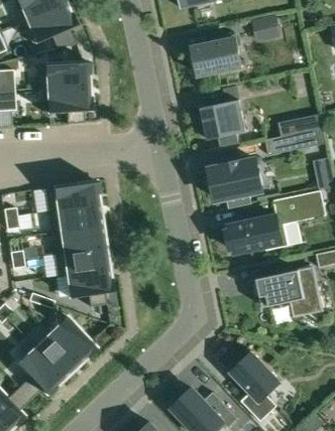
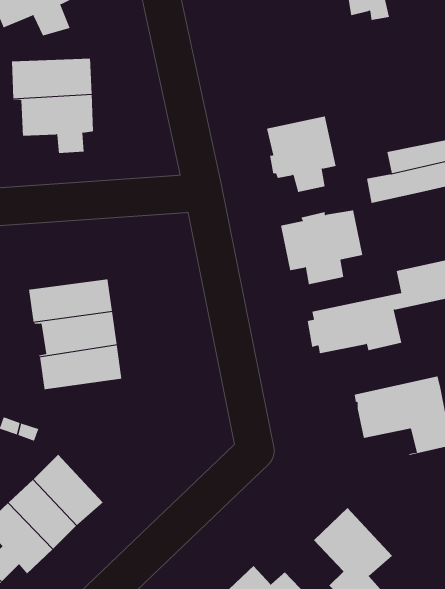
building: [193,33,243,75] -> none
building: [44,180,99,210] -> none
building: [58,268,112,306] -> none

